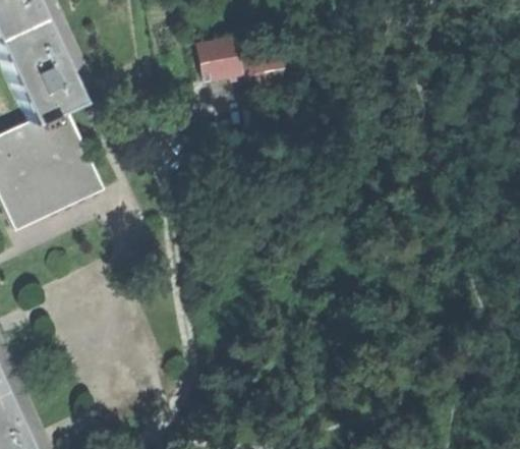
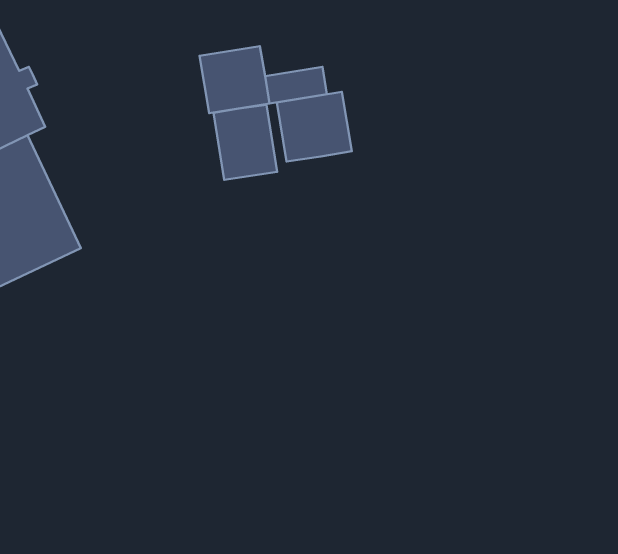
building: none -> [277,92,352,161]
building: none -> [214,105,277,180]

